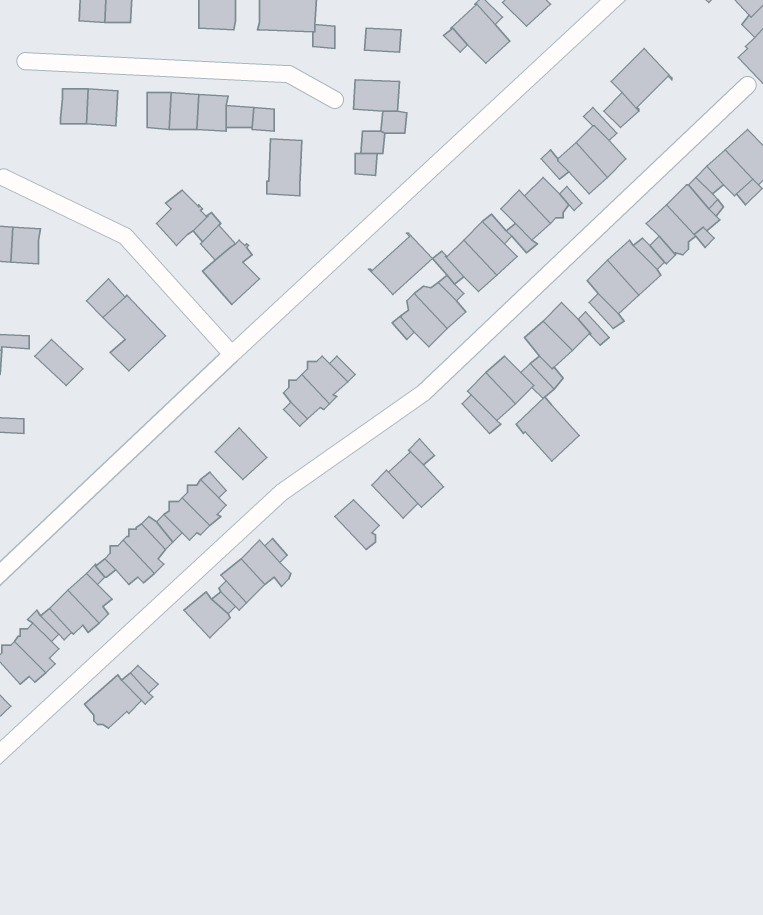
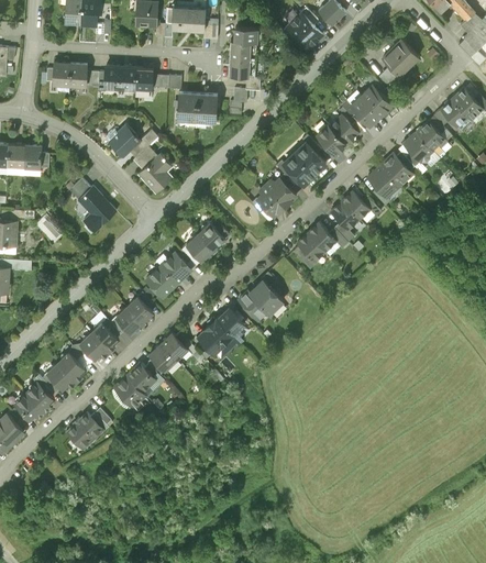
building: none -> [229,41,255,59]
building: none -> [196,95,217,121]
building: [369,233,433,295] -> none
building: [516,397,579,461] -> none
building: none -> [159,253,190,284]
building: none -> [198,318,235,353]
building: none -> [113,375,145,410]

